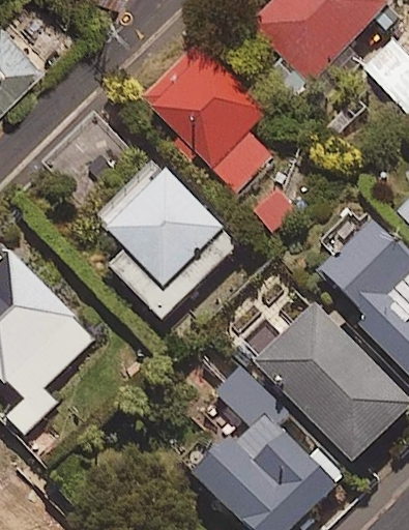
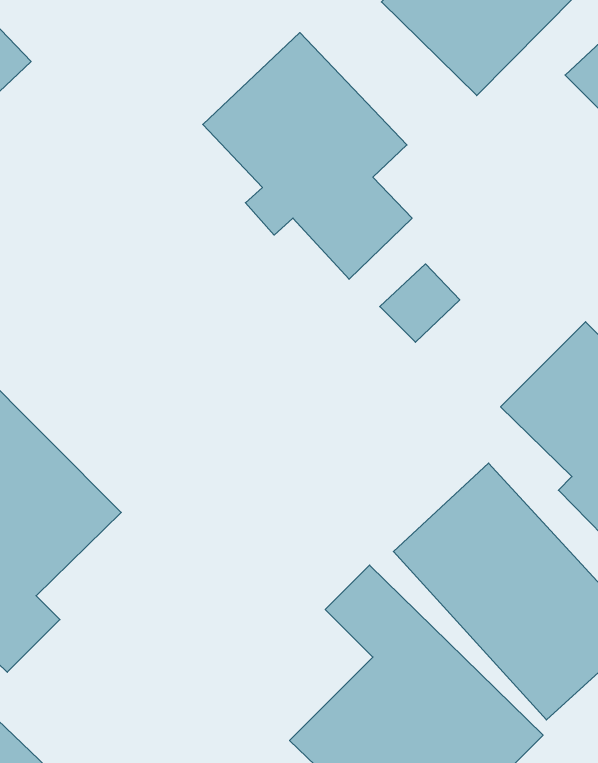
building: [98,161,238,318] -> none

